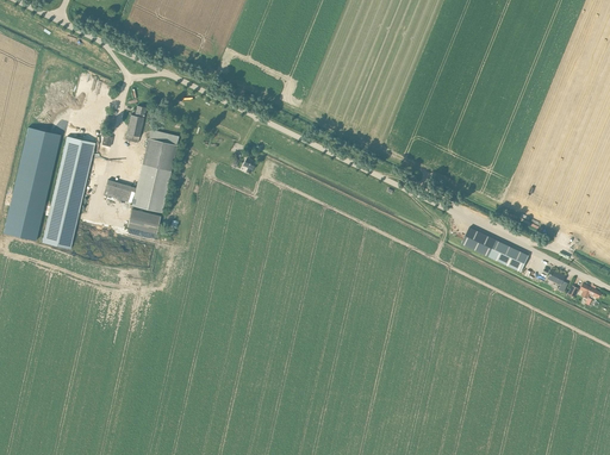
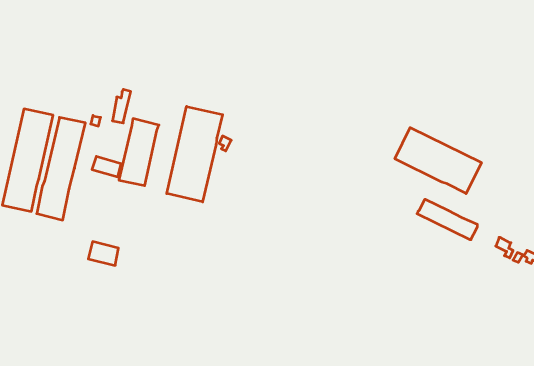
building: none -> [167,106,223,202]
building: none -> [395,128,481,194]
building: [127,207,161,233] -> [88,242,118,265]

